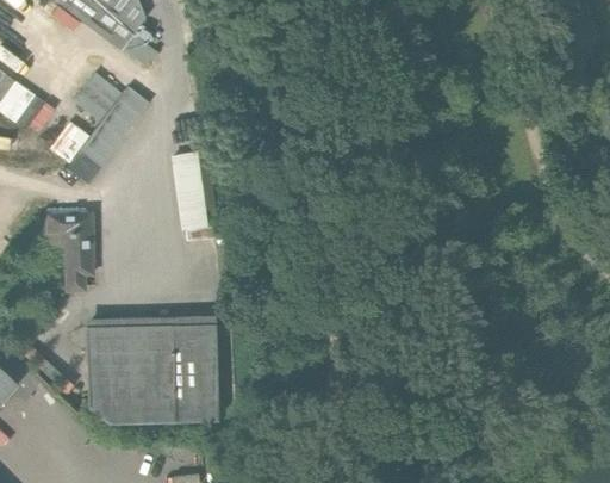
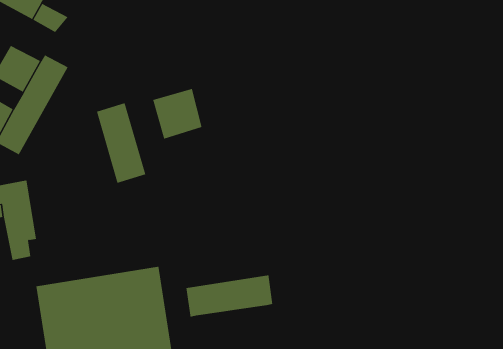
building: none -> [153,88,202,140]
building: none -> [186,275,273,317]

